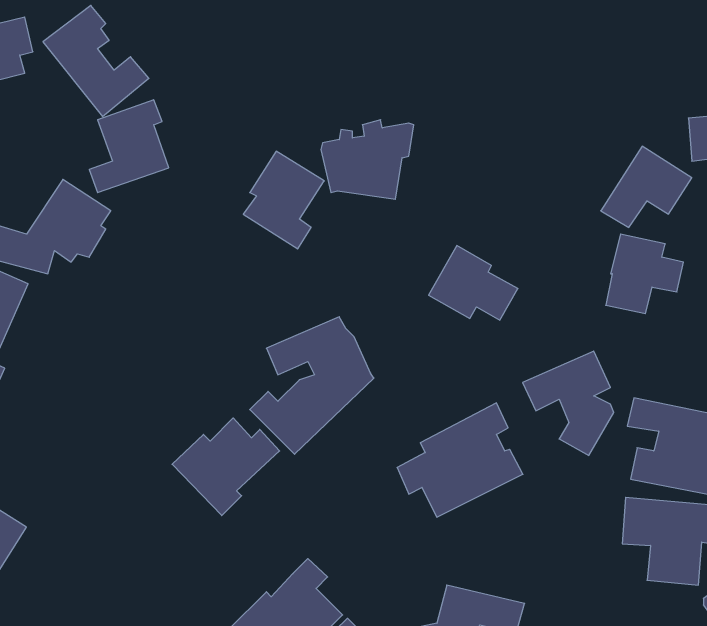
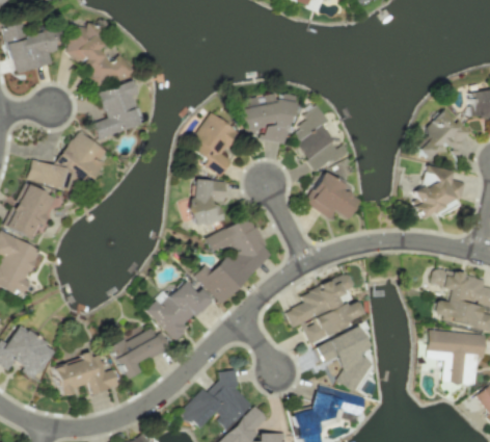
building: none -> [296,106,348,173]
building: none -> [185,179,226,224]
building: [523,351,614,455] -> [315,326,372,391]
building: none -> [109,328,169,380]
building: none -> [53,350,118,396]

